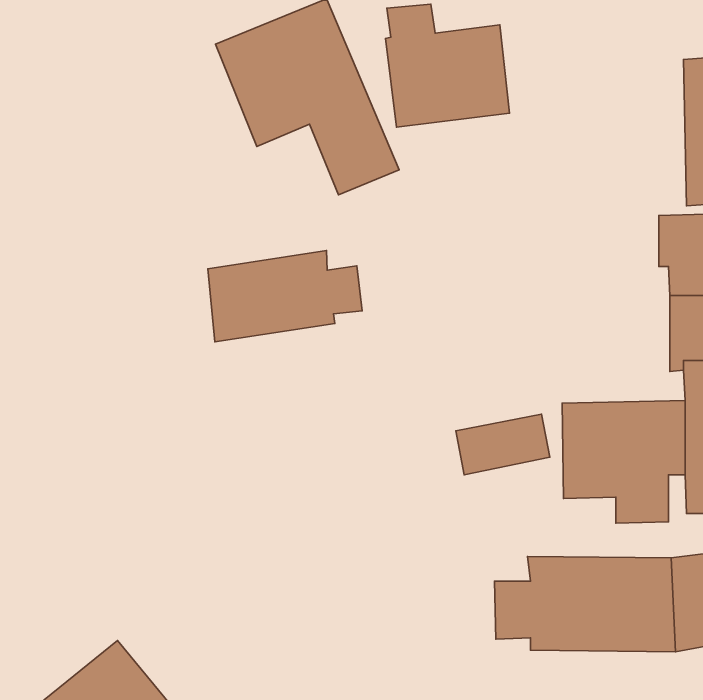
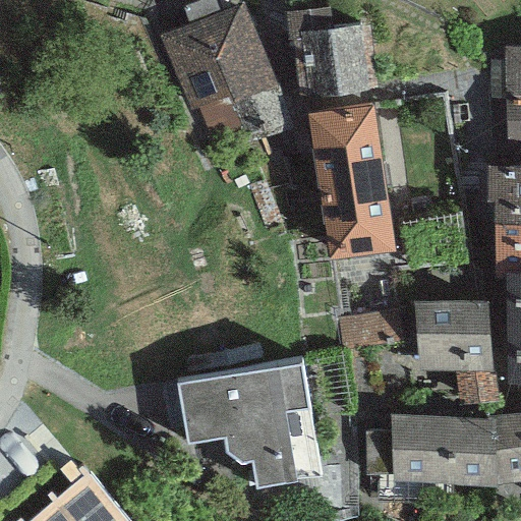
building: none -> [308,102,397,257]
building: [208,251,362,342] -> none
building: none -> [179,361,322,488]

